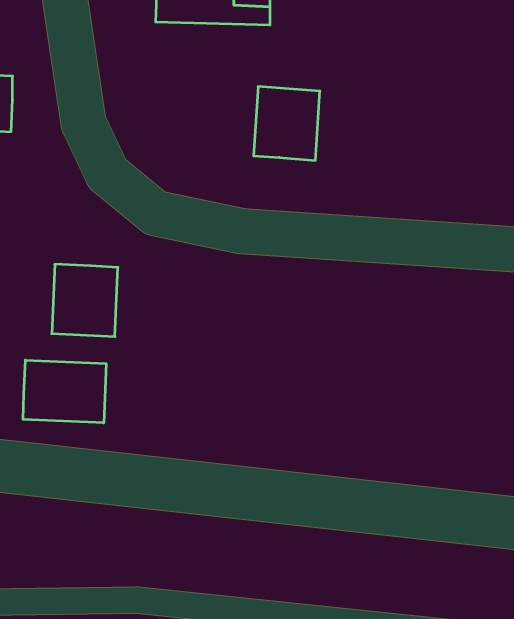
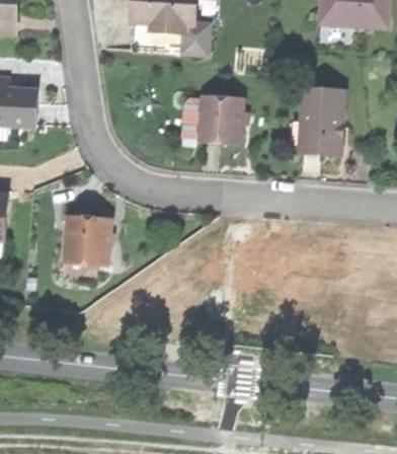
building: none -> [300,87,345,155]
building: [23,360,106,423] -> none

